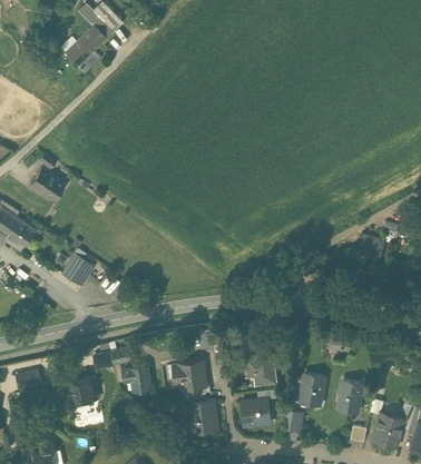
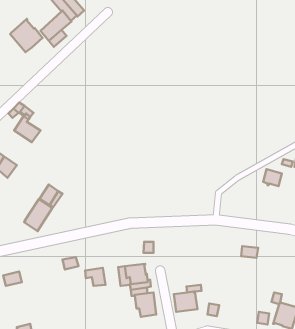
building: none -> [10,19,43,52]
building: none -> [24,199,52,231]
building: [244,353,275,384] -> none
building: [298,373,323,405] -> none
building: [63,375,96,408] -> none
building: [336,379,361,412] -> none

